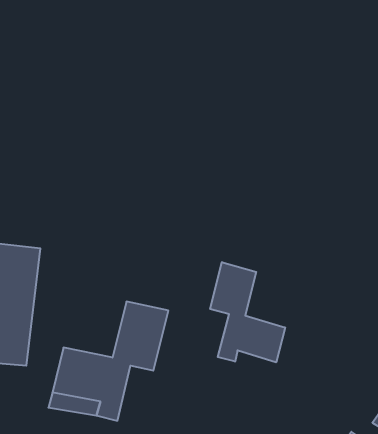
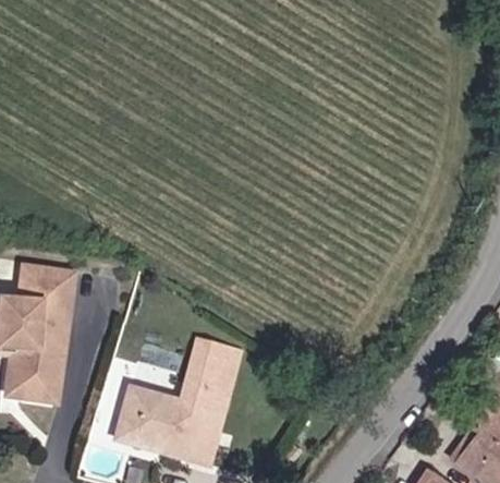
building: [210,262,285,362] -> none
building: none -> [172,402,211,467]

